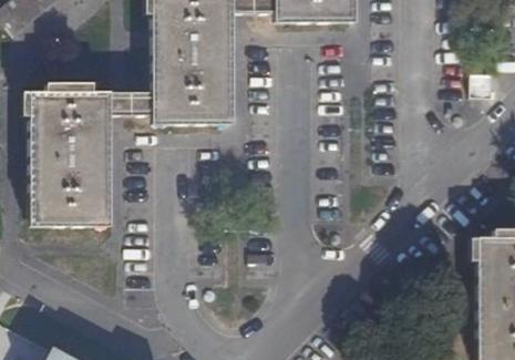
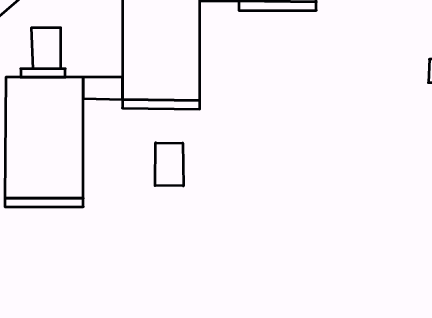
building: none -> [32,28,61,69]
building: none -> [155,143,183,186]

